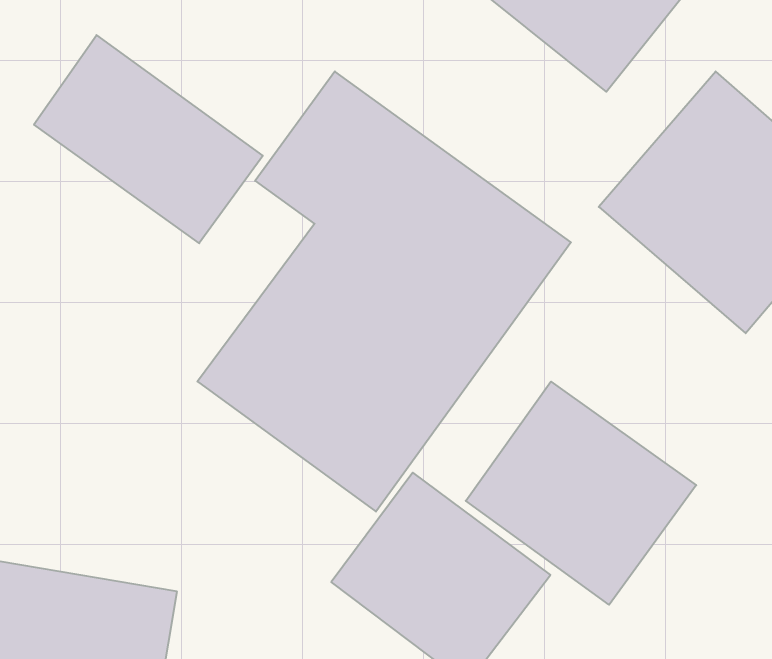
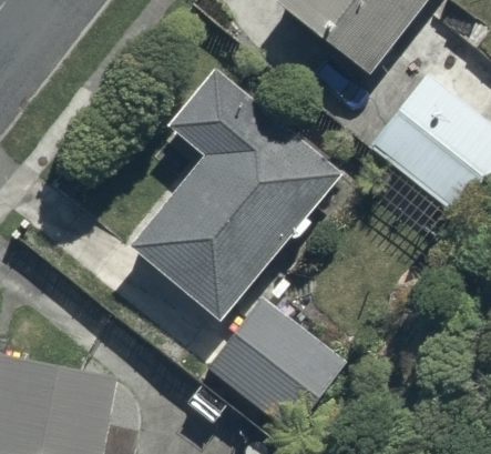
building: [34,35,263,243] -> none
building: [466,382,696,605] -> none

